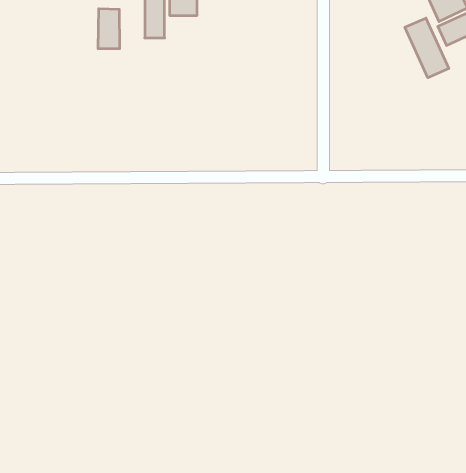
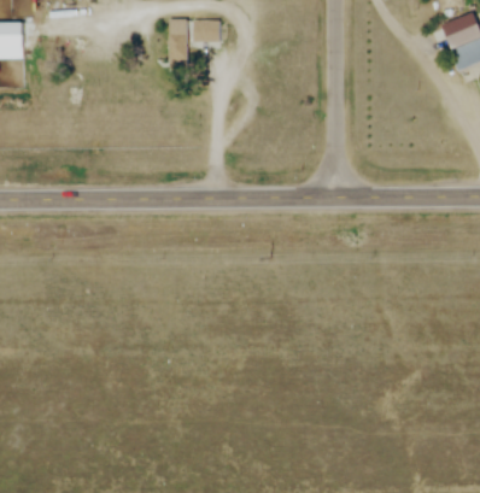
building: [98,9,120,49] -> none
building: [405,18,449,78] -> none

